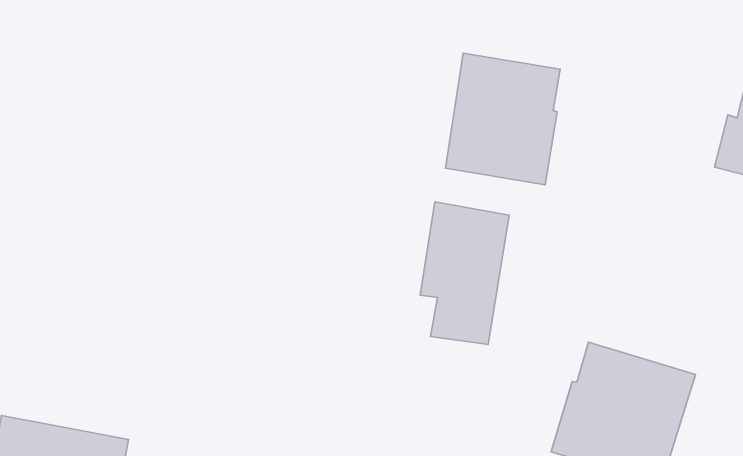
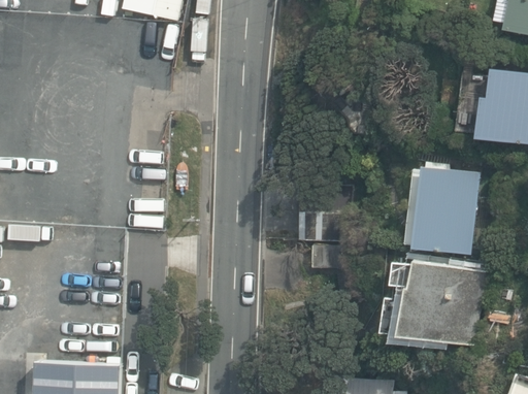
building: [445,53,560,185] -> none
building: none -> [402,169,478,258]

